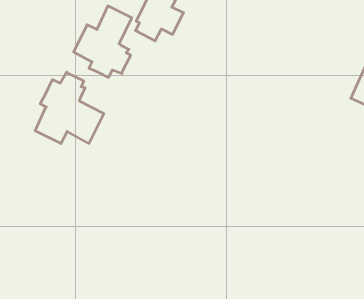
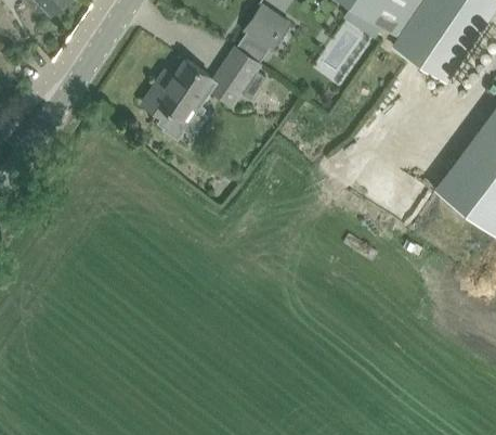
building: [35,72,104,144] -> none

